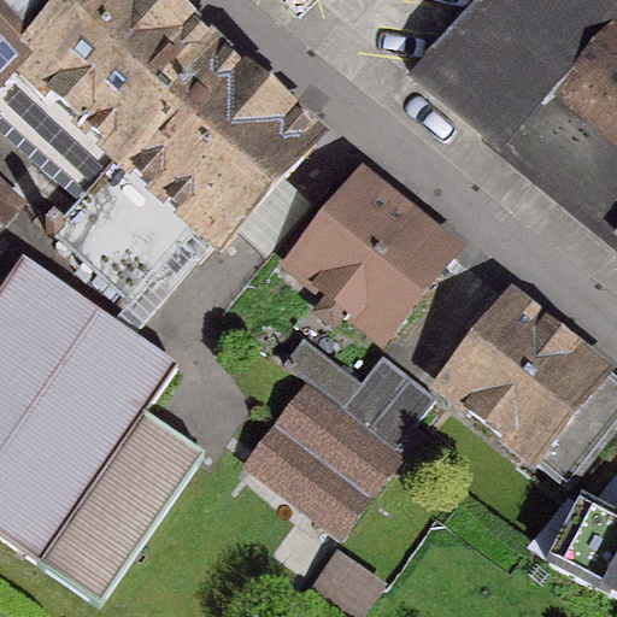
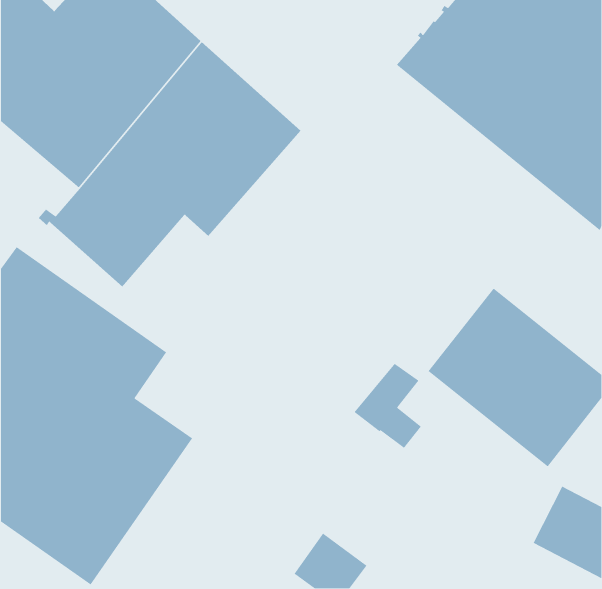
building: [287,174,445,331] -> none
building: [277,331,404,422] -> none
building: [272,383,390,528] -> none

